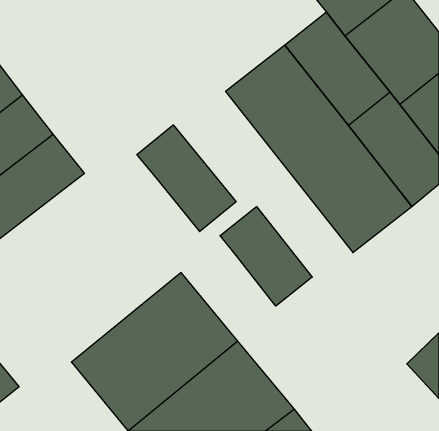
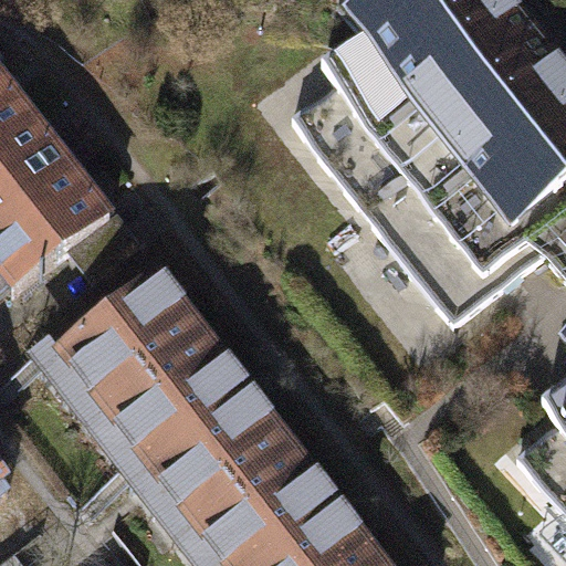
building: [137,125,236,232] -> none
building: none -> [19,260,230,460]
building: [220,207,312,306] -> none

